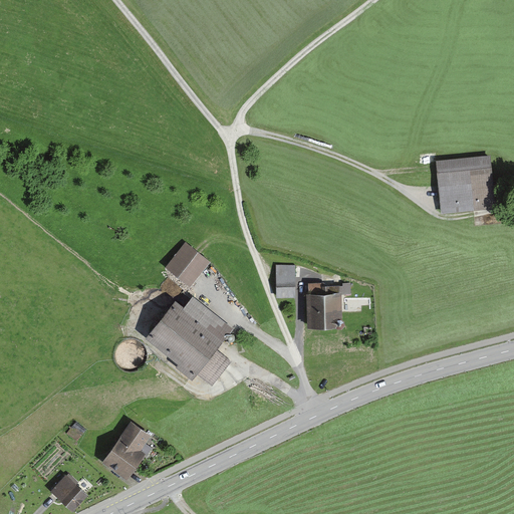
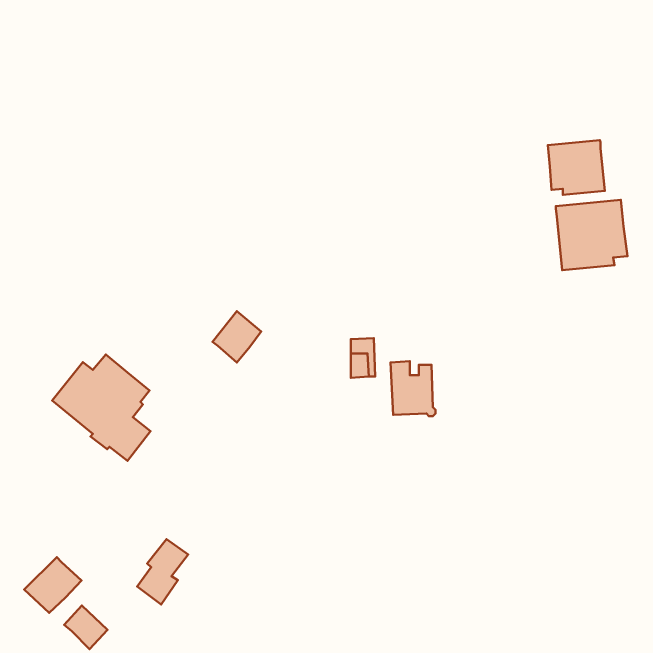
building: none -> [548,140,605,195]
building: [150,300,227,383] -> [52,355,151,461]
building: none -> [24,557,82,613]

